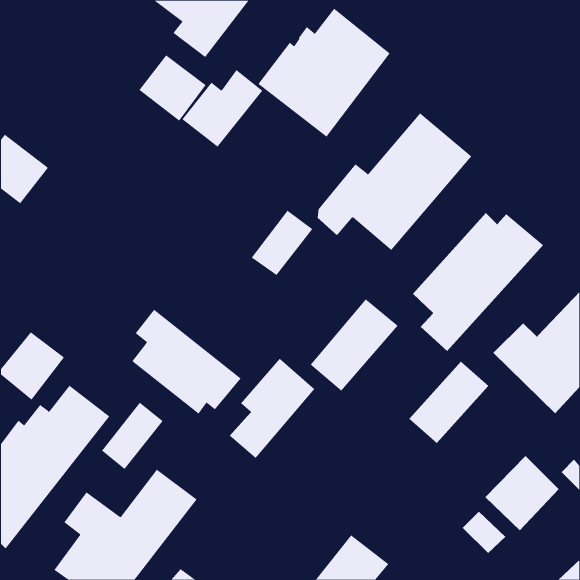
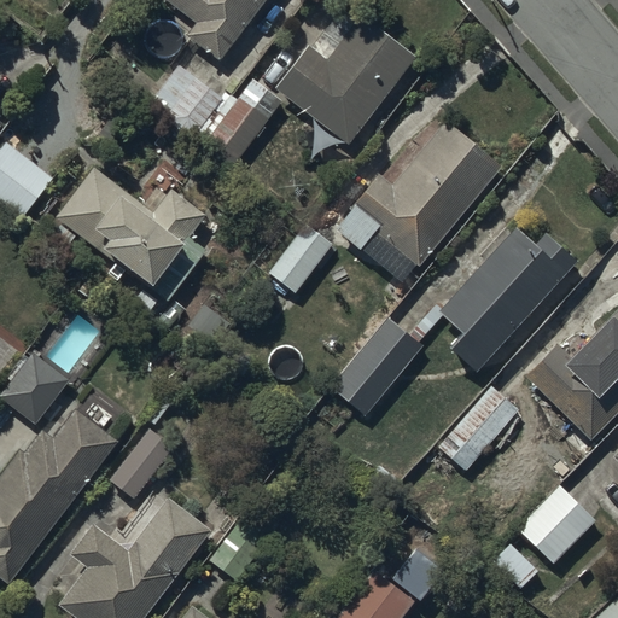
building: none -> [48,165,205,317]
building: [132,309,242,415] -> none
building: [229,358,315,459] -> none

